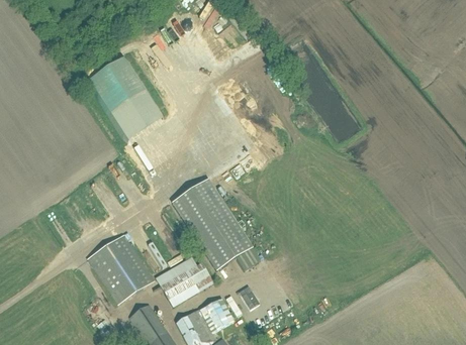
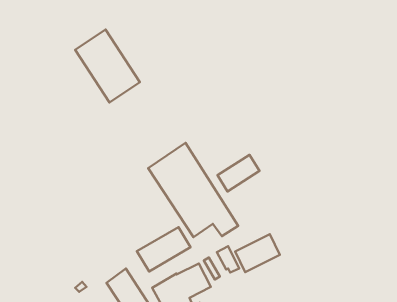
building: none -> [217,155,260,191]
building: [85,234,153,304] -> none
building: none -> [235,234,280,272]

